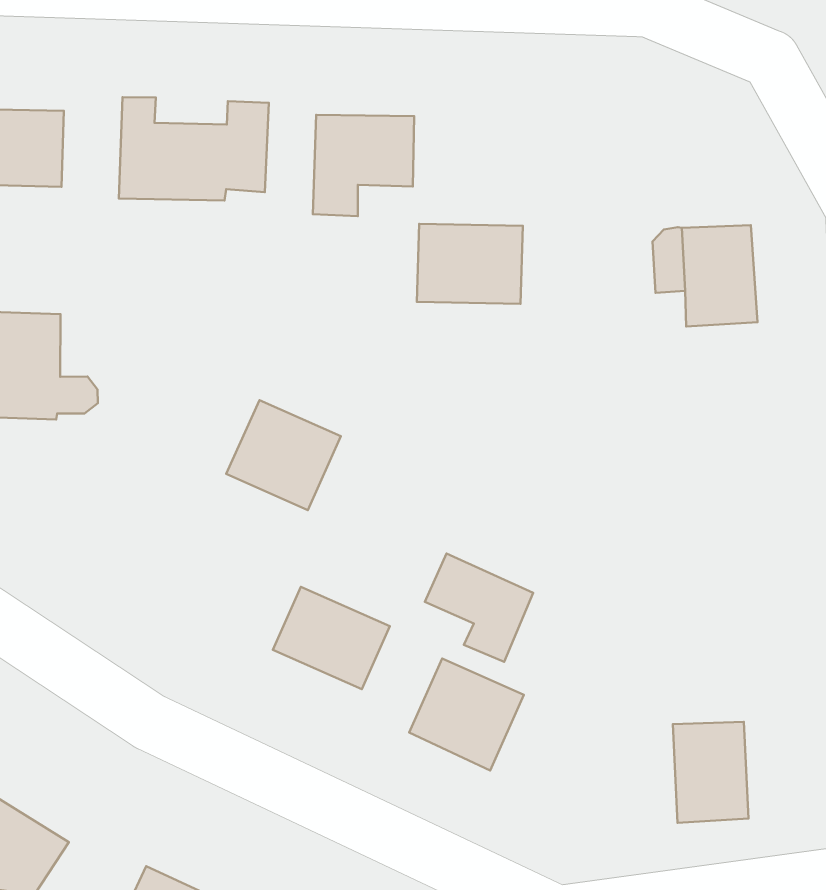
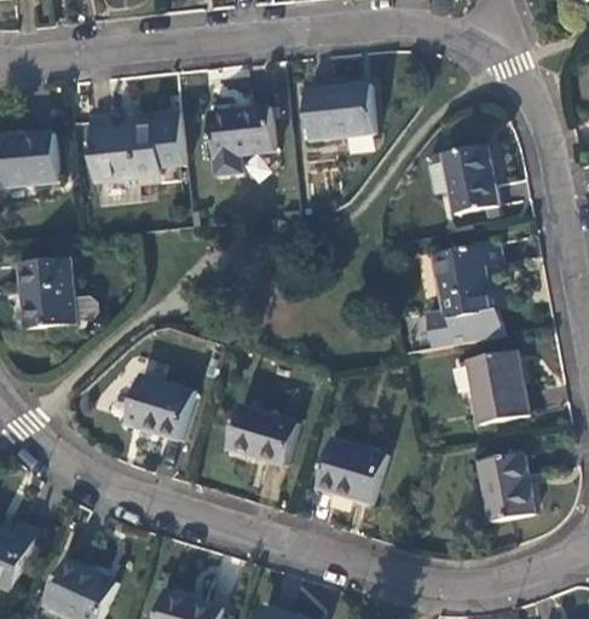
building: [417,224,523,304] -> [305,82,374,138]
building: none -> [427,241,506,346]
building: [226,400,341,510] -> [123,375,191,439]
building: [425,553,533,662] -> none
building: none -> [468,349,527,423]

